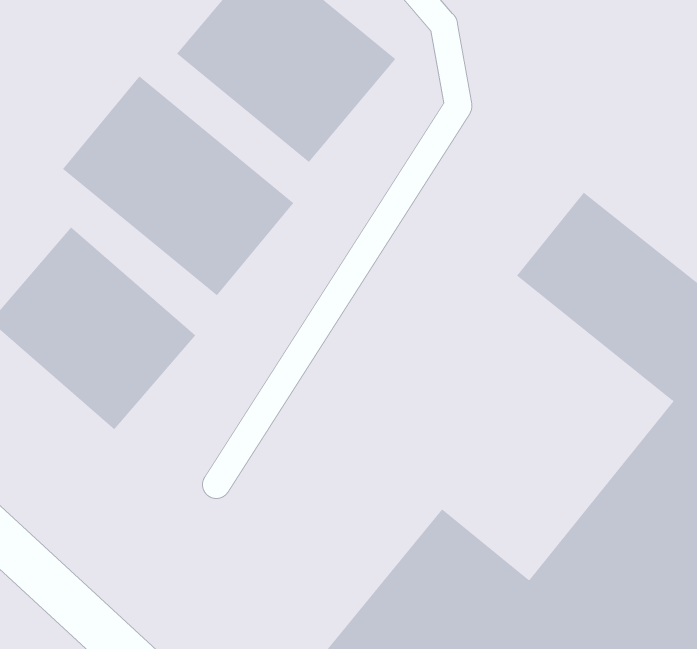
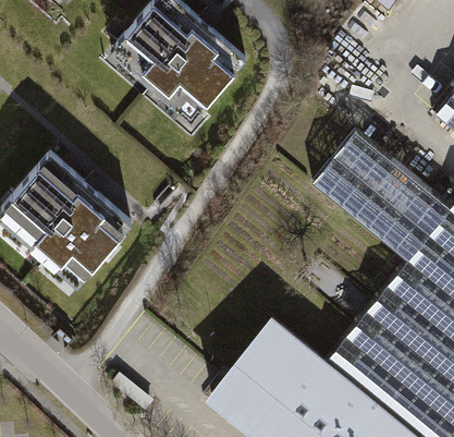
building: [62,76,294,296] -> none

